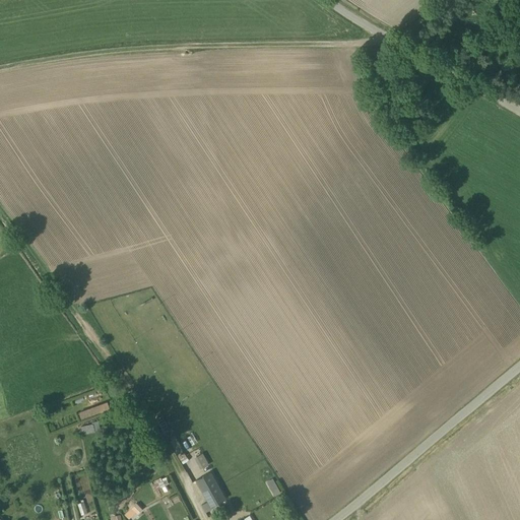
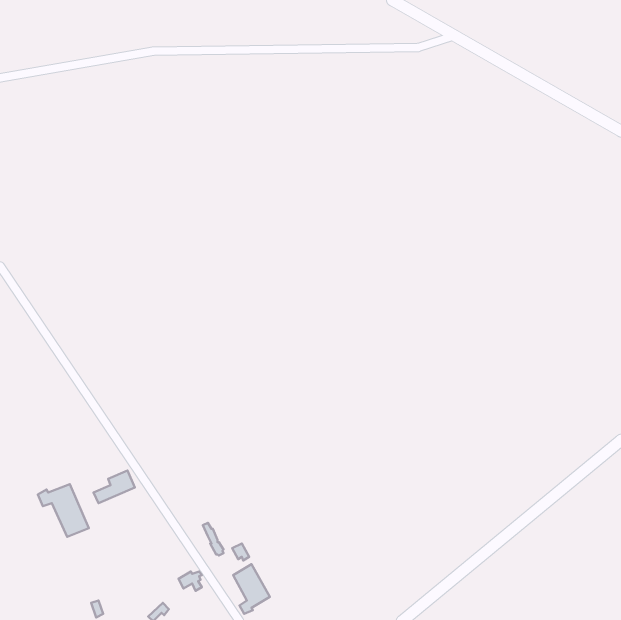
building: none -> [38,484,89,537]

